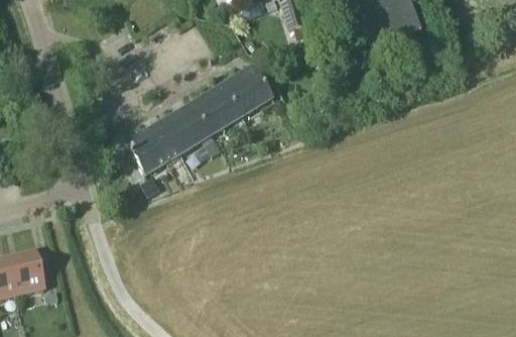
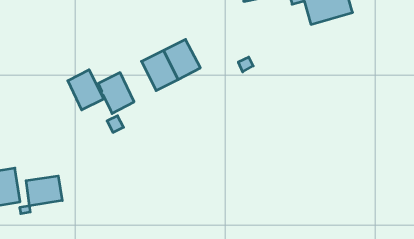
building: [226,65,272,113] -> none
building: [151,111,196,159] -> [68,70,104,110]
building: none -> [26,176,62,206]

